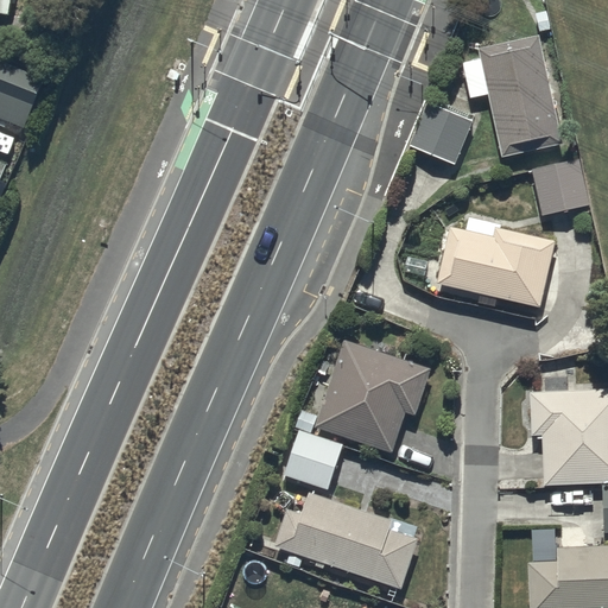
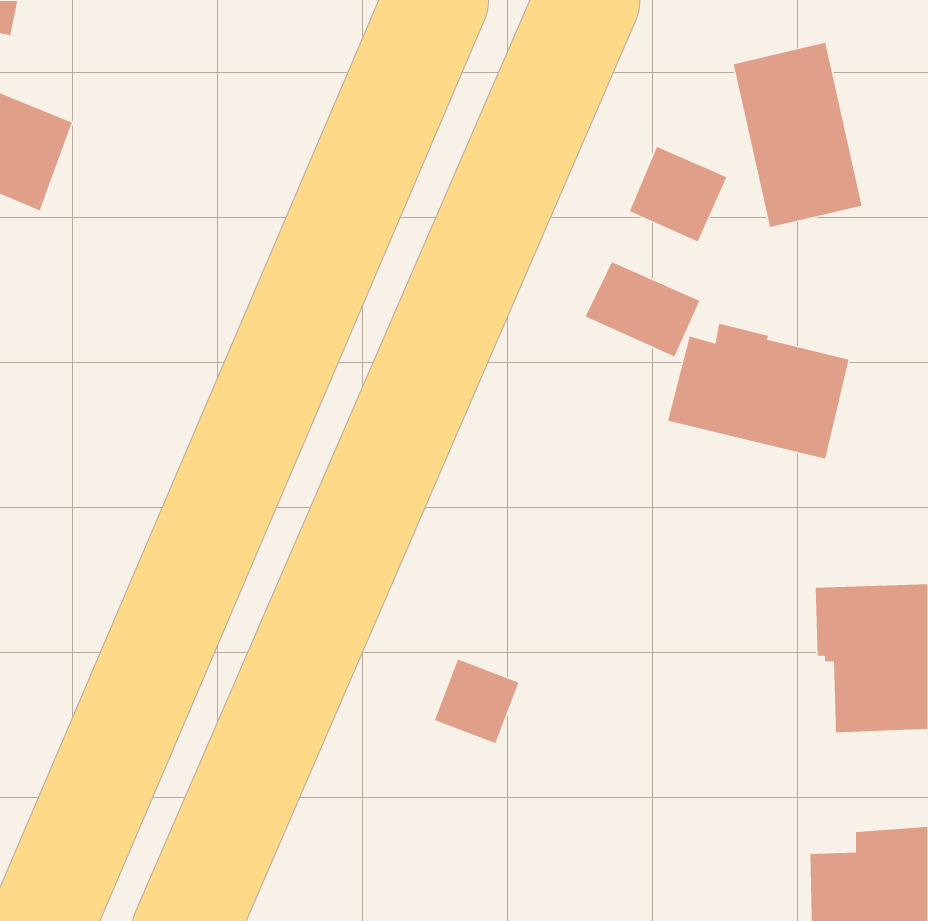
building: [531,158,589,216] -> none
building: none -> [584,261,700,358]
building: [314,341,430,456] -> none
building: [274,492,418,588] -> none

